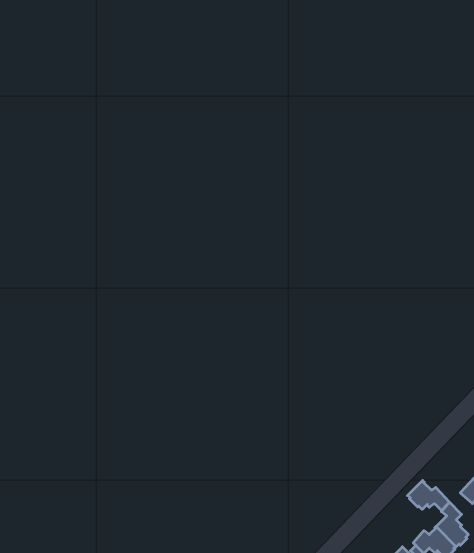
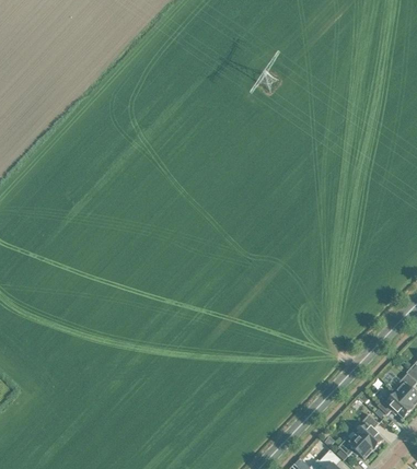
building: [407,480,450,510] -> none

